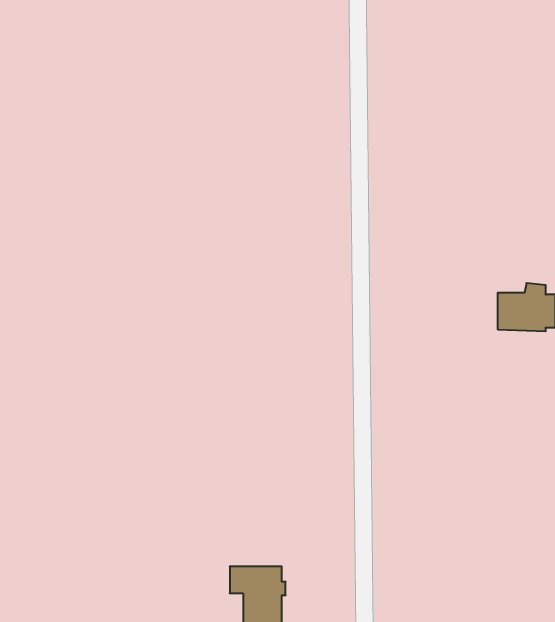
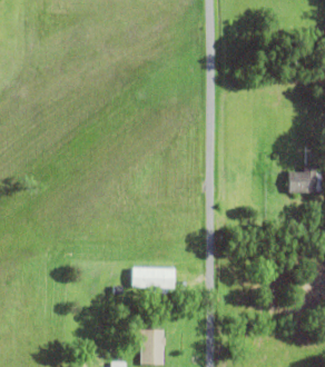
building: none -> [131,268,175,294]

